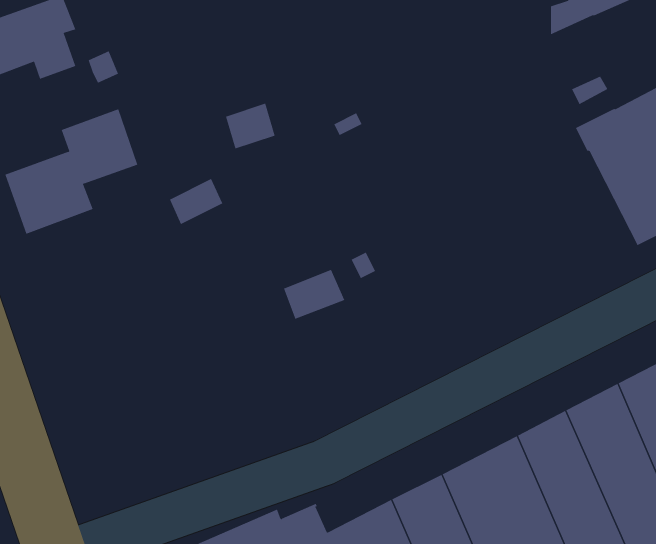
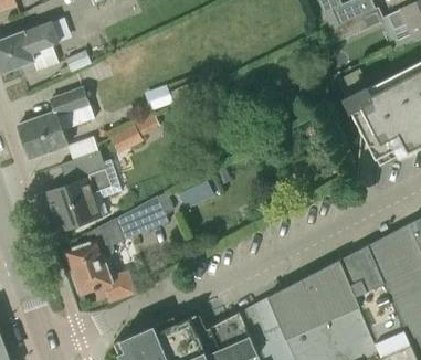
building: none -> [45,150,122,231]
building: none -> [65,192,172,300]

